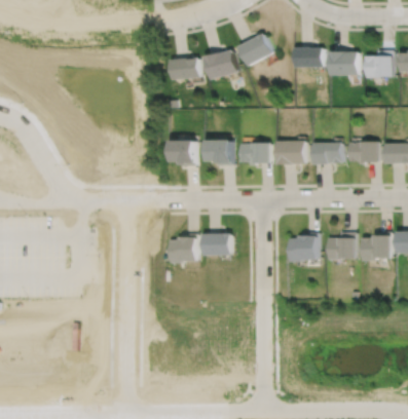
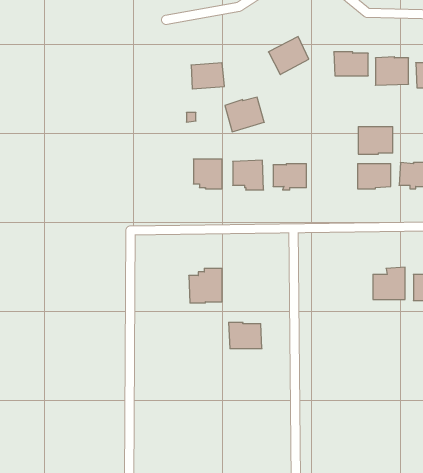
building: [202,49,236,79] -> [225,97,264,132]
building: [276,141,306,164] -> [358,127,393,154]
building: [202,233,231,256] -> [229,322,262,349]
building: [289,233,318,262] -> none

